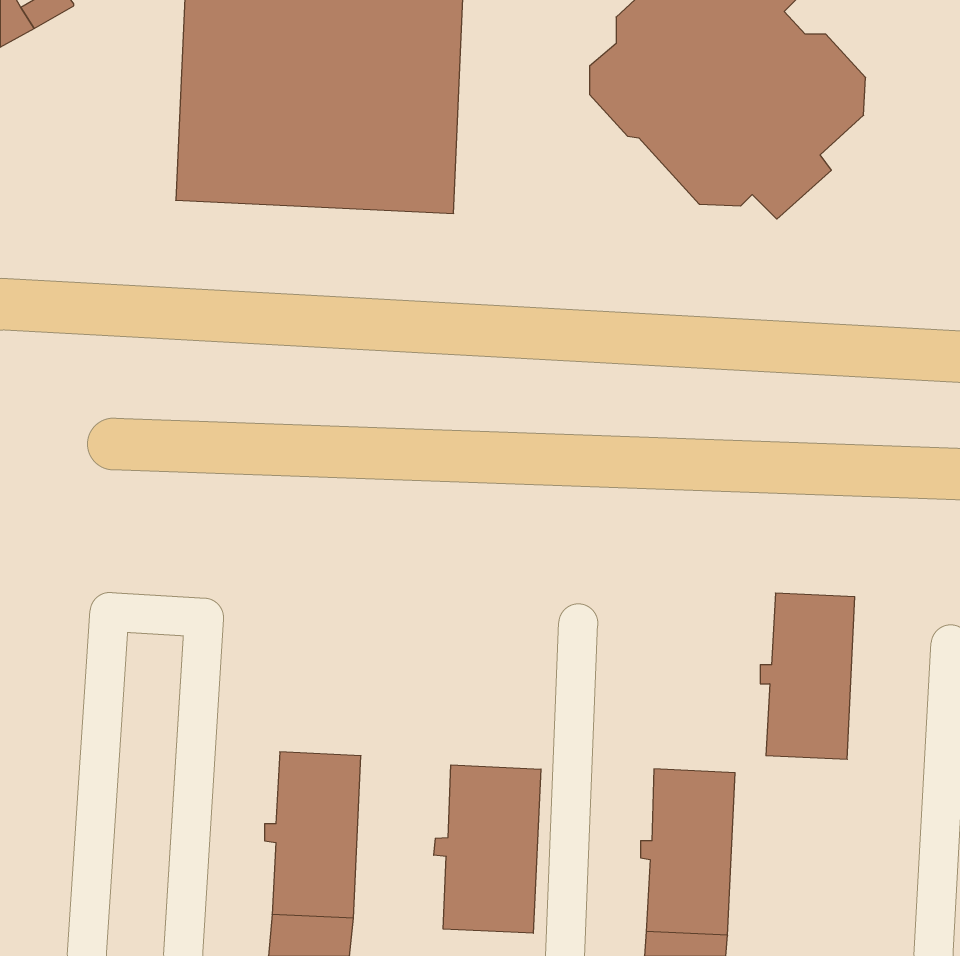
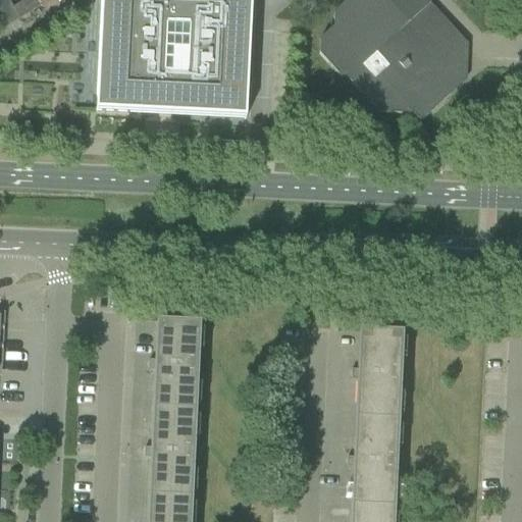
building: none -> [150,318,202,408]
building: [760,593,855,759] -> [353,327,404,417]
building: [434,765,541,933] -> none

